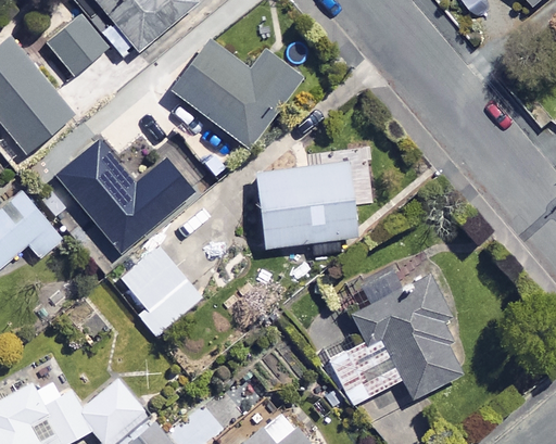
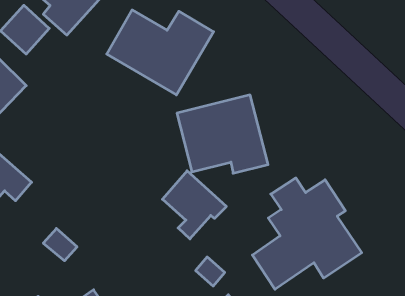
building: [62,141,201,254] -> none
building: [123,246,201,331] -> [162,171,226,239]

